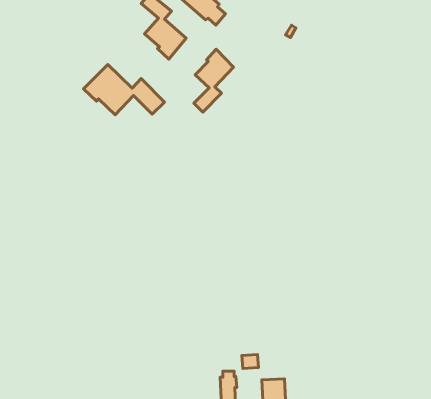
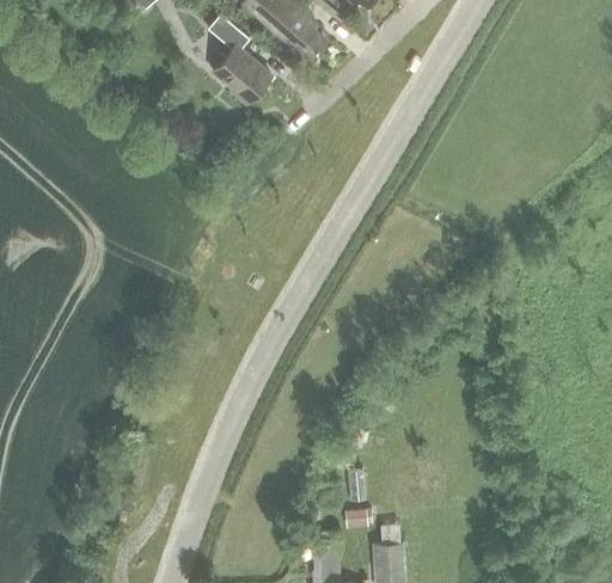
building: [194,49,234,112] -> none
building: [83,65,164,115] -> none

